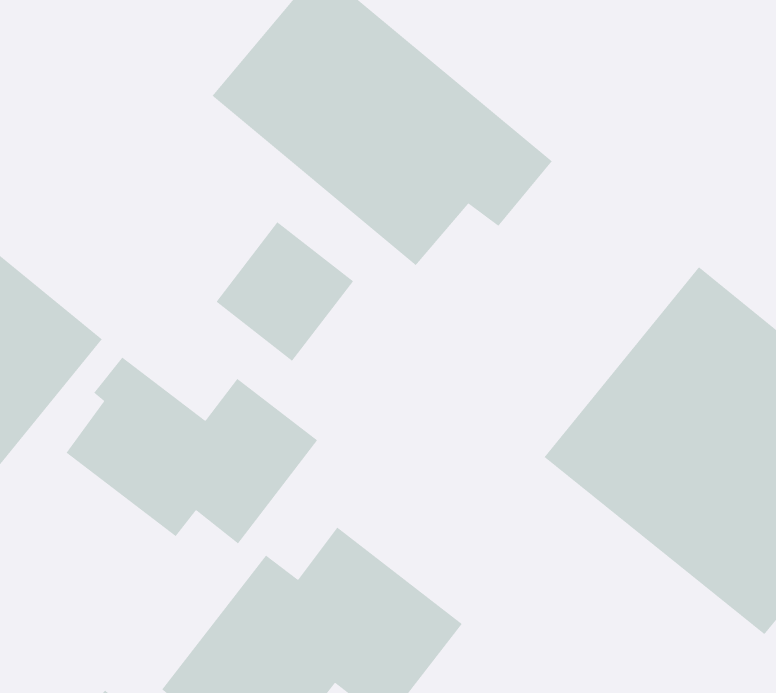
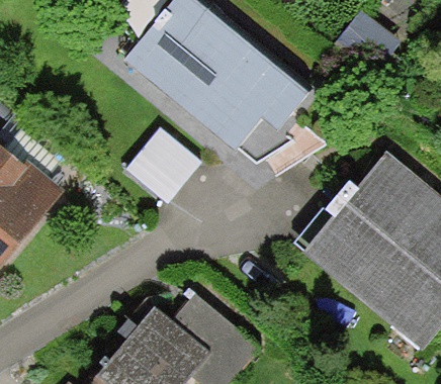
building: [65,356,318,544] -> none

